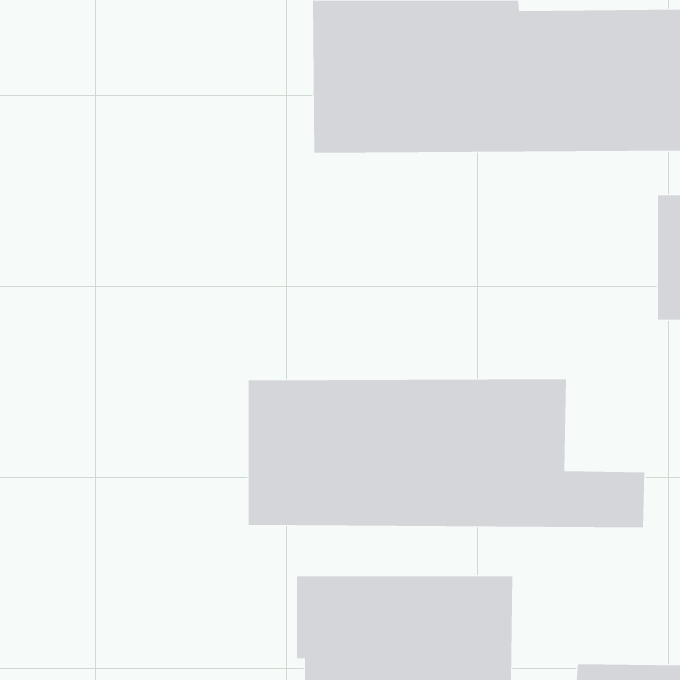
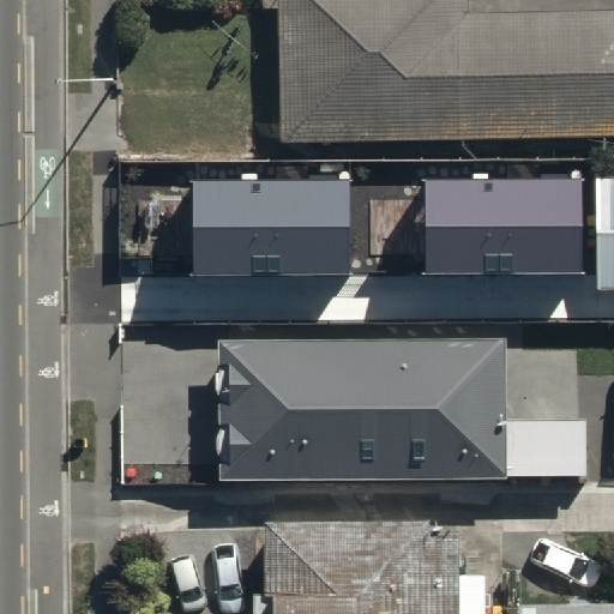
building: none -> [191,181,349,276]
building: none -> [426,181,584,275]

